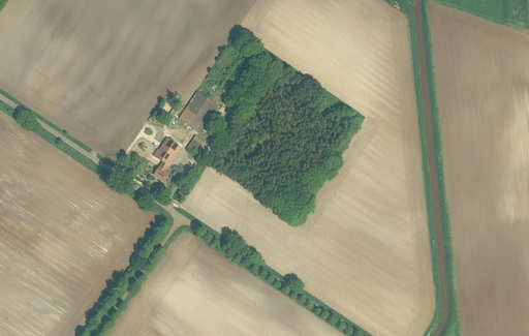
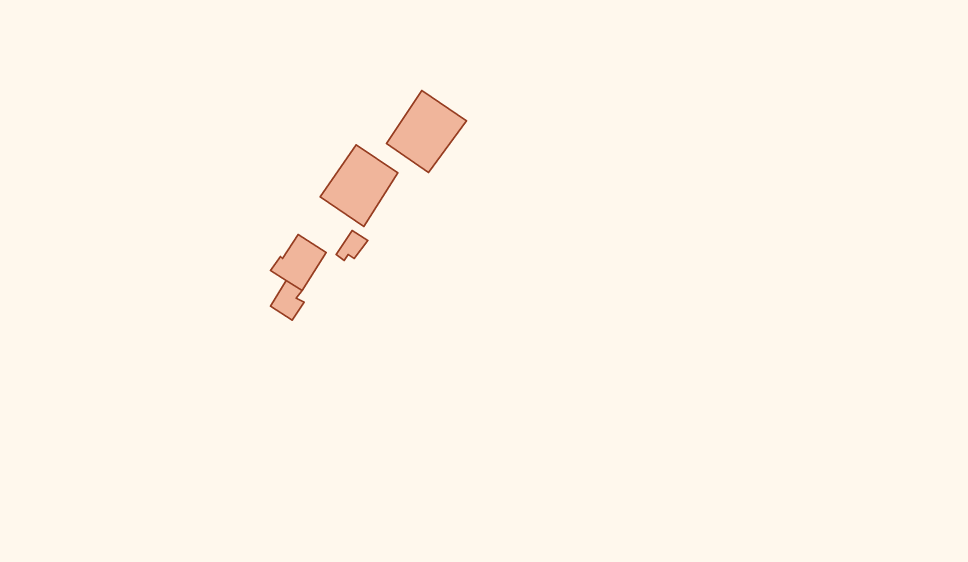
building: none -> [386,90,467,173]

